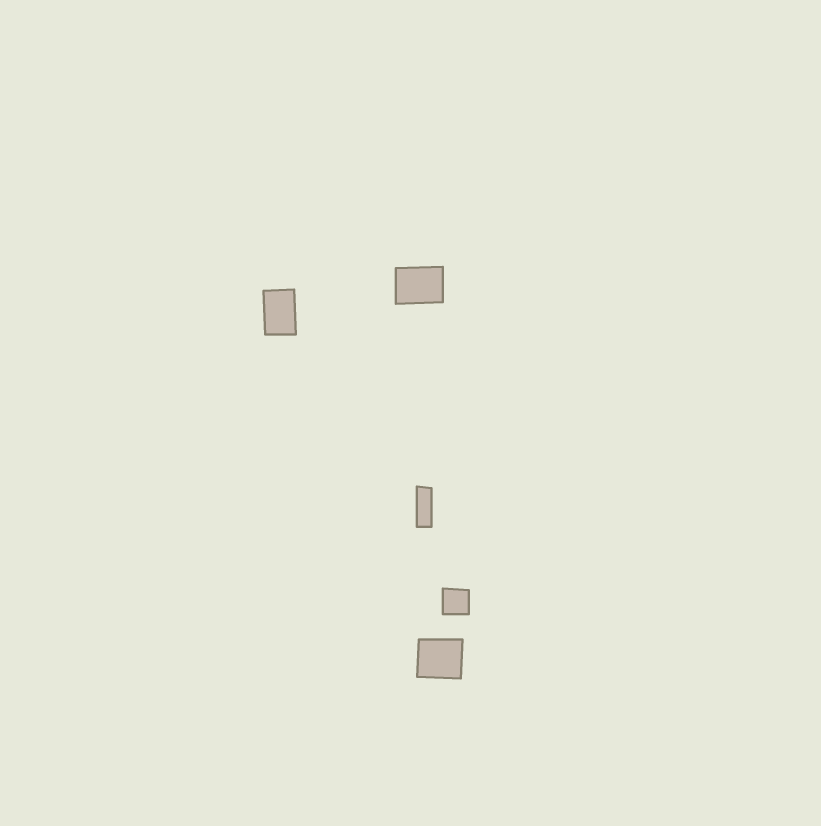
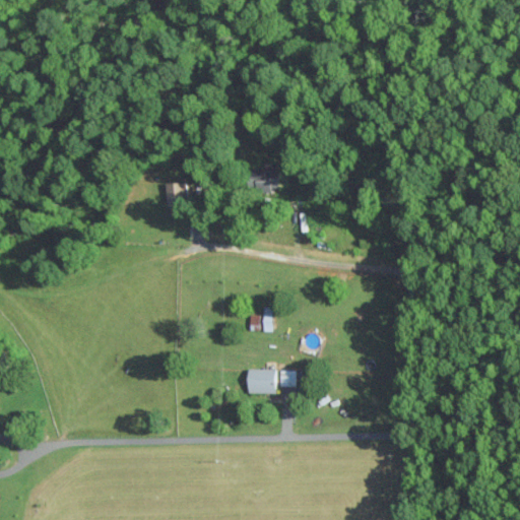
building: [417,640,462,678] -> [247,369,275,393]

